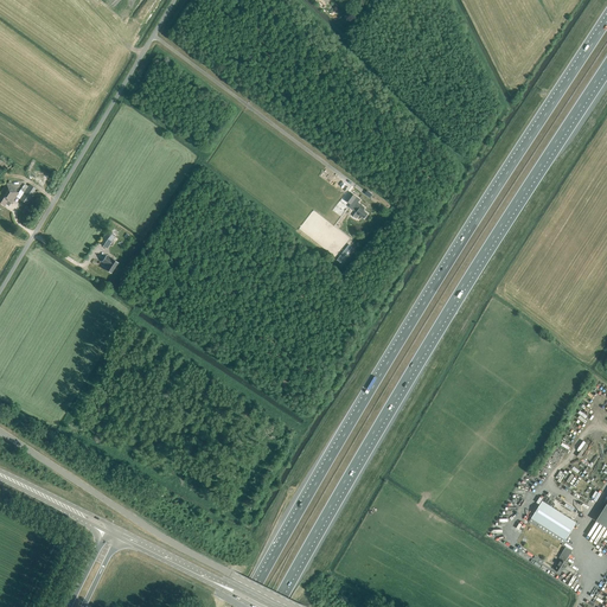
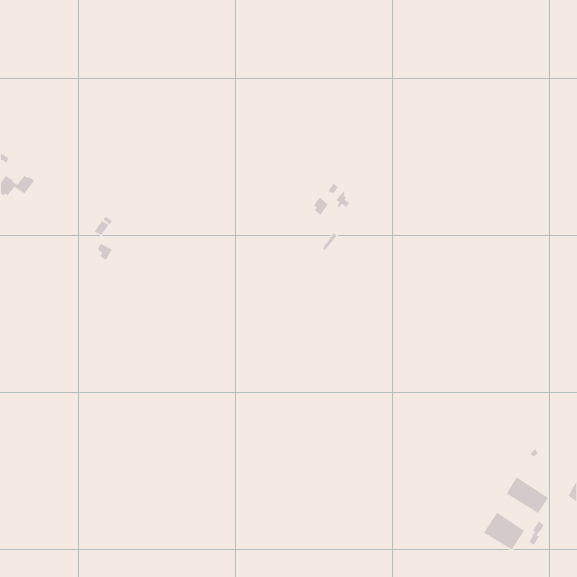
building: none -> [483,512,525,551]

